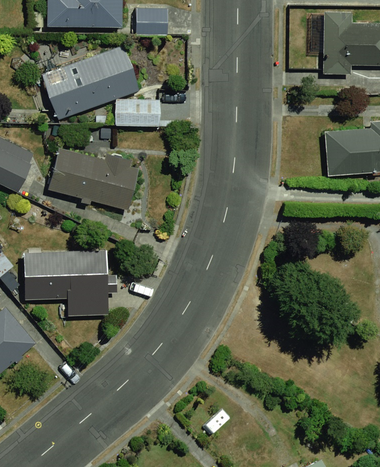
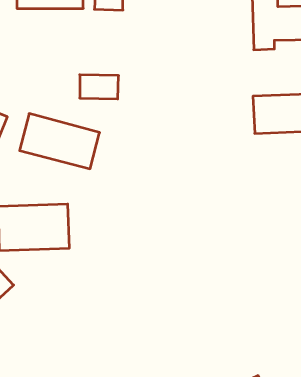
building: [43,44,141,118] -> none

